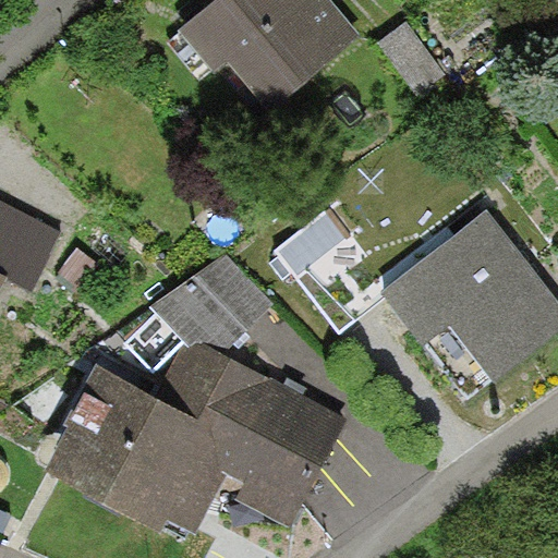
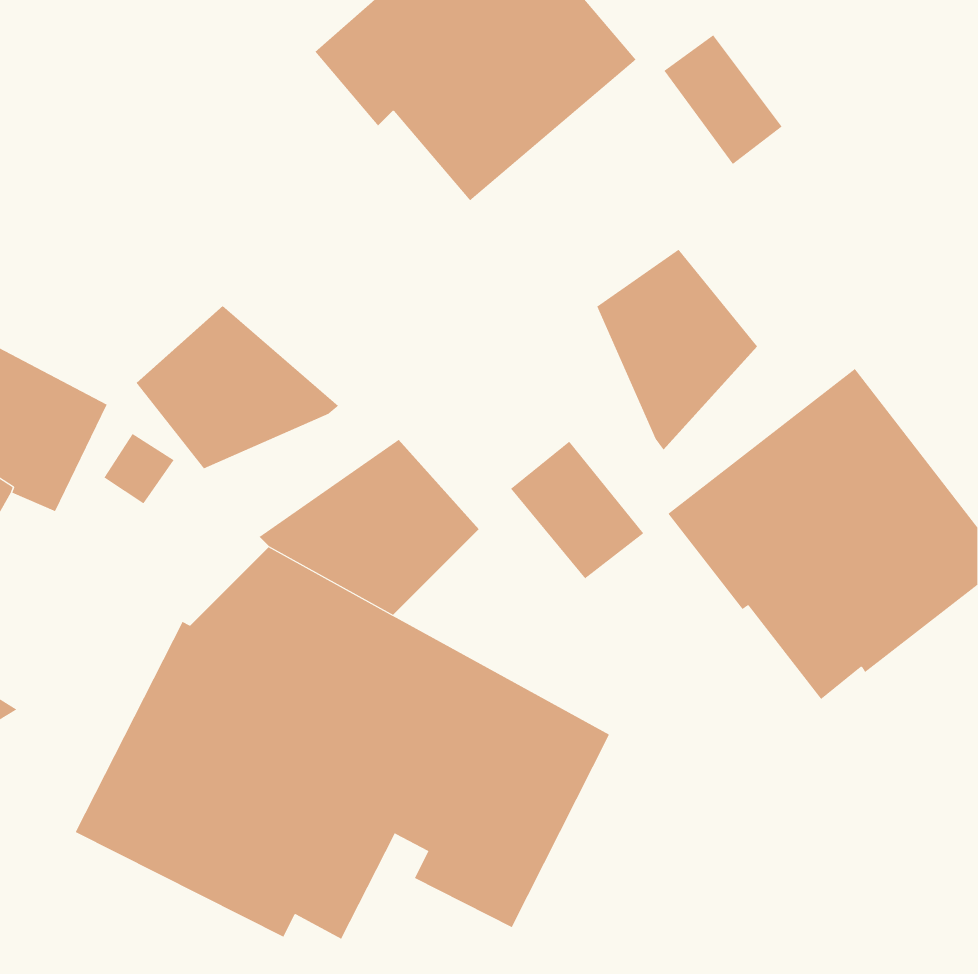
building: none -> [596,249,758,451]
building: none -> [136,305,339,469]

